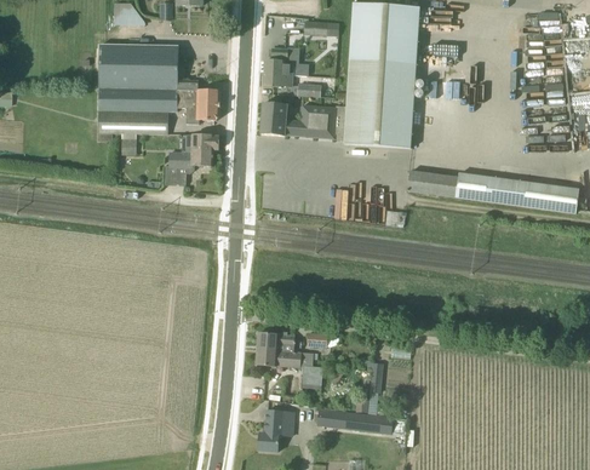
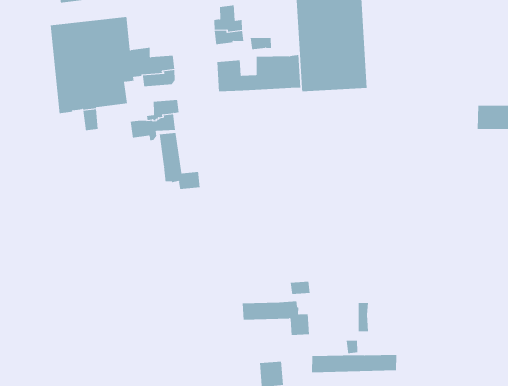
building: none -> [159,132,200,190]
building: [406,171,497,202] -> none
building: [256,331,294,351] -> none

